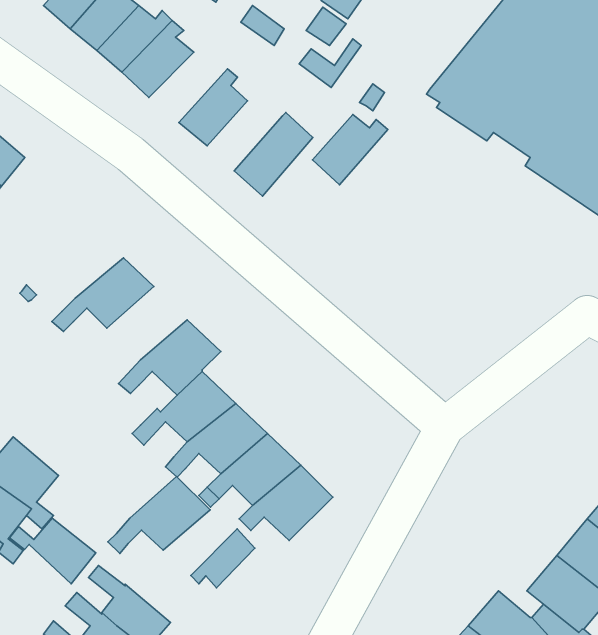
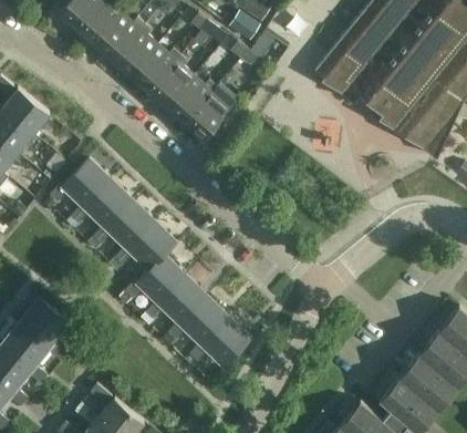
building: none -> [129,44,181,91]
building: [313,115,388,185] -> [168,76,218,123]
building: none -> [50,158,113,207]
building: [108,476,210,553] -> [87,199,155,250]
building: [10,518,96,584] -> none
building: [191,529,255,588] -> none

